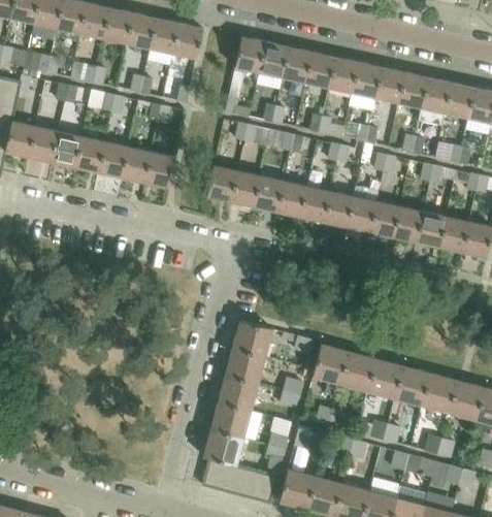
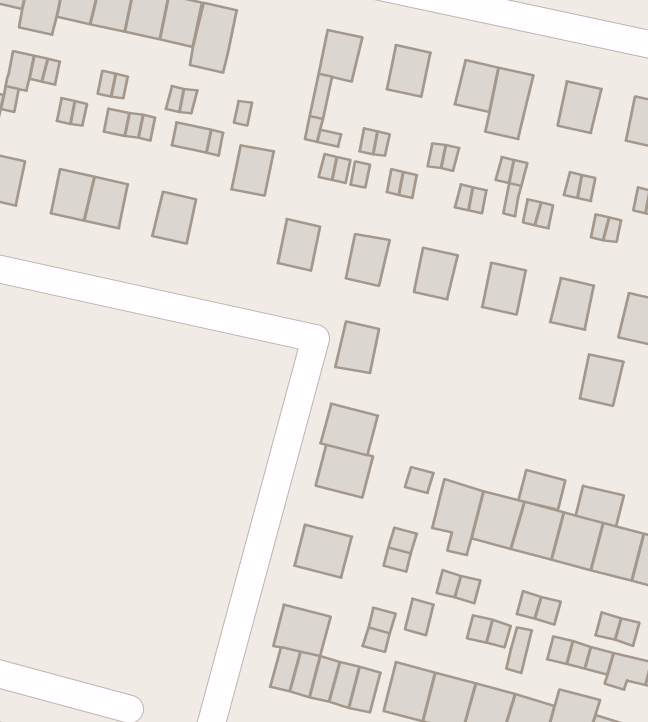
building: [173,24,203,59] -> none
building: [258,42,288,77] -> none
building: [305,53,335,88] -> none
building: [374,68,404,102] -> none
building: [419,77,451,126] -> none
building: [29,127,59,162] -> none
building: [99,142,129,177] -> none
building: [145,153,174,187] -> [231,145,274,195]
building: [230,171,260,206] -> none
building: [276,181,306,216] -> [335,322,379,373]
building: [323,191,353,226] -> none
building: [370,201,400,236] -> none
building: [417,212,447,247] -> [580,354,624,406]
building: none -> [519,470,565,510]
building: [226,348,265,383] -> [320,404,378,455]
building: none -> [576,486,624,526]
building: [211,402,251,438] -> none

